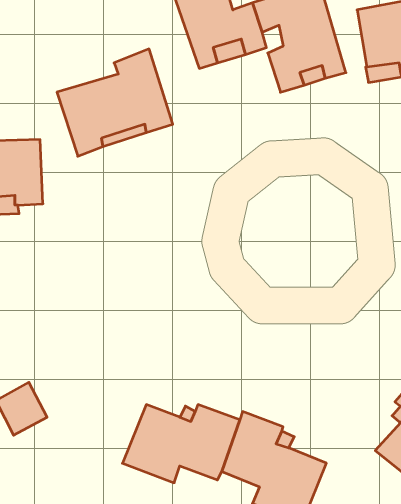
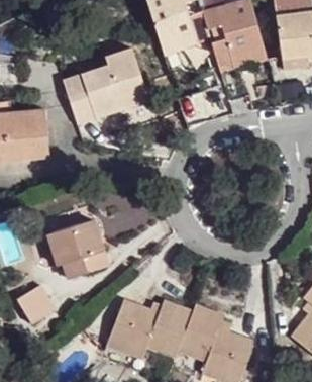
building: none -> [49,219,109,278]

